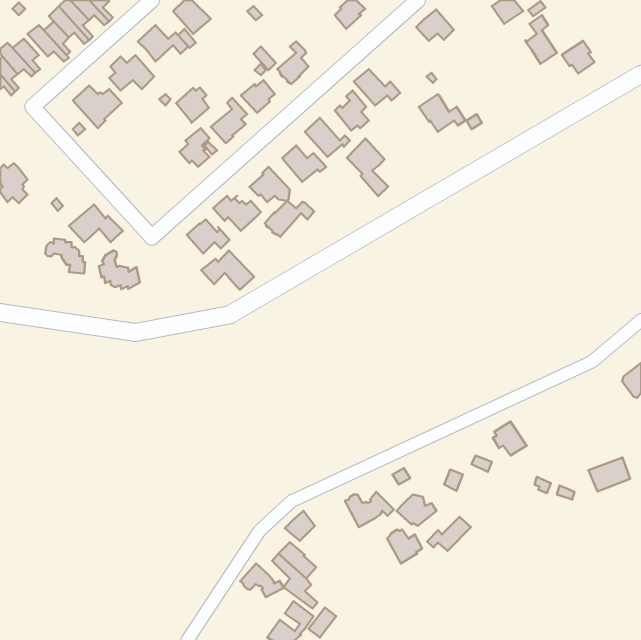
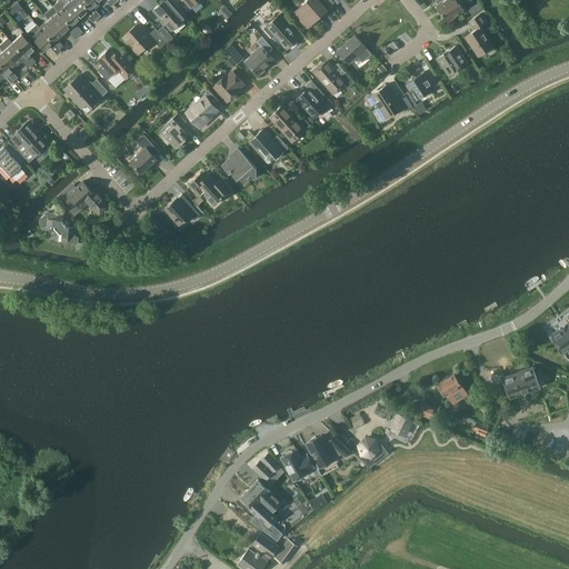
building: [416,10,454,41] -> [338,37,371,64]
building: none -> [264,16,300,50]
building: [562,41,595,74] -> [437,47,466,76]
building: none -> [406,72,435,101]
building: [176,88,209,123] -> none
building: none -> [10,123,48,162]
building: [347,138,388,196] -> none
building: none -> [130,136,158,174]
building: [265,201,314,237] -> none
building: [99,250,140,289] -> none
building: [201,250,254,290] -> none
building: [589,458,630,491] -> [502,368,539,398]
building: [427,517,471,551] -> none
building: [387,530,422,564] -> [281,451,312,481]
building: [240,564,284,597] -> none

